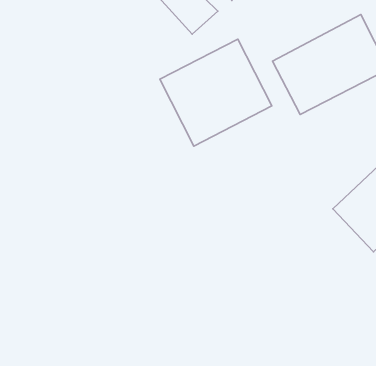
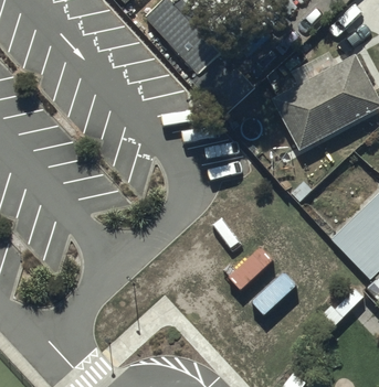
building: [160,39,272,146] -> none

